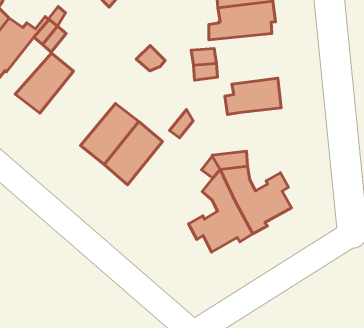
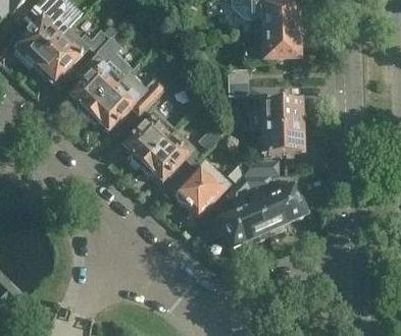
building: none -> [89,70,165,131]
building: none -> [262,125,303,153]
building: none -> [174,160,230,216]

